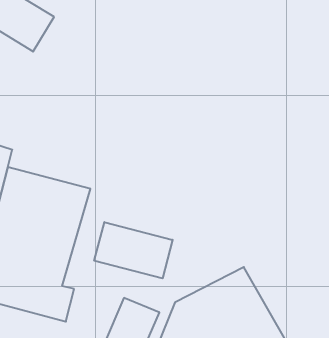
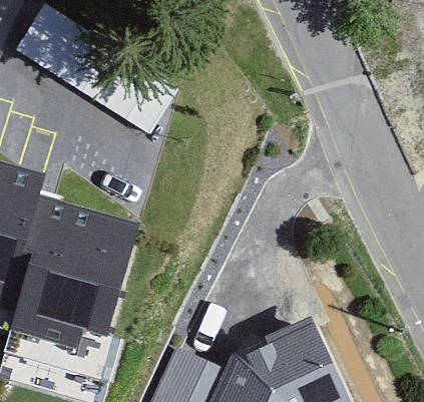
building: [94,222,173,278] -> none

